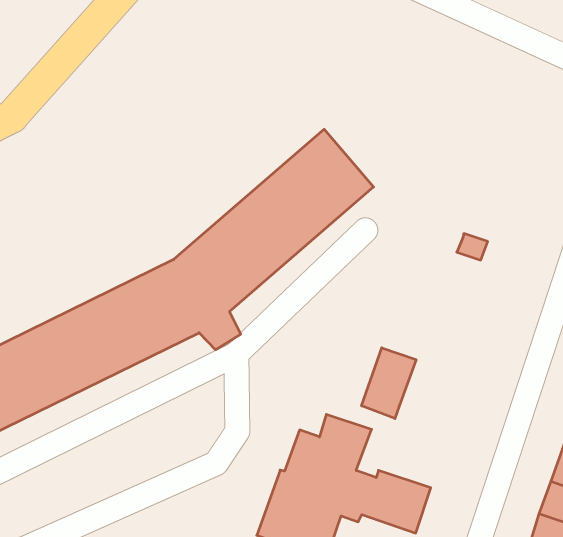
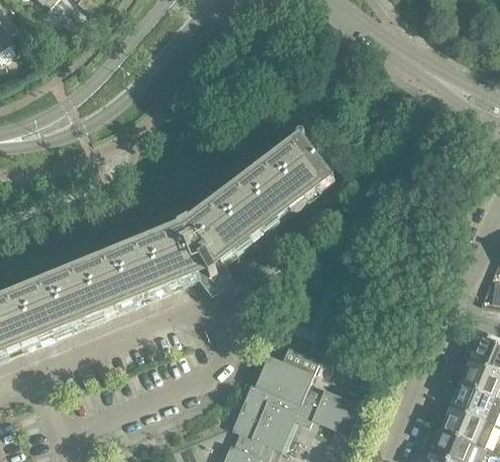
building: [362,348,416,419] -> none

